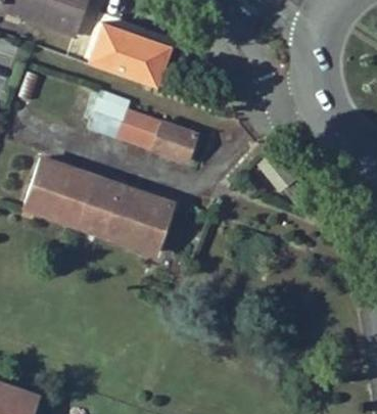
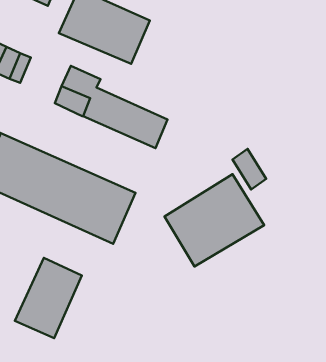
building: none -> [164,174,264,266]
building: none -> [15,258,82,338]

